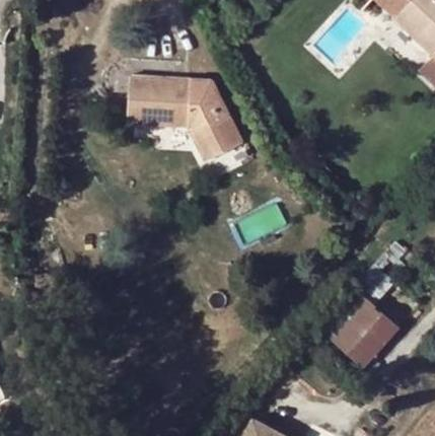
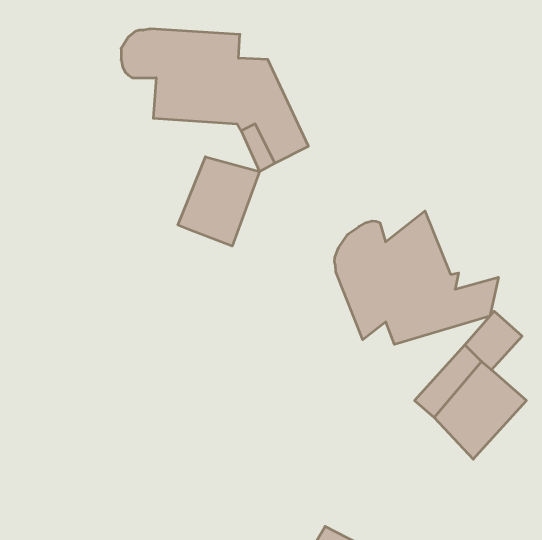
building: none -> [178,157,259,246]
building: none -> [334,211,498,344]

